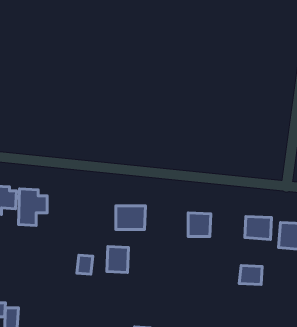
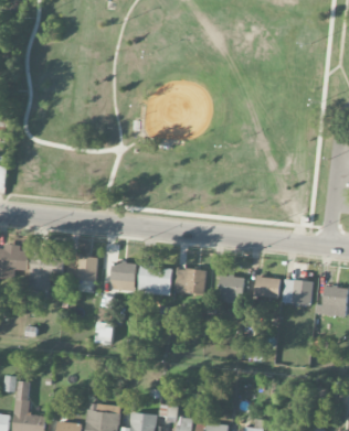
building: none -> [66,255,96,281]
building: none -> [174,268,204,294]
building: [107,247,129,272] -> [110,262,135,291]
building: [239,266,262,284] -> [254,277,279,298]

